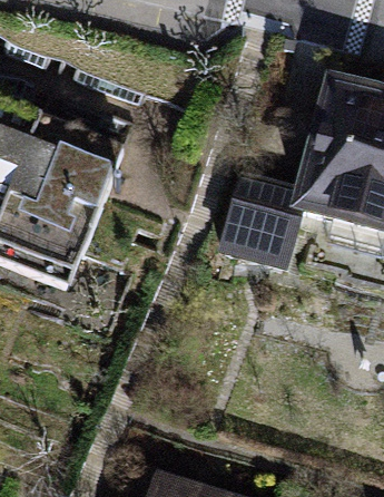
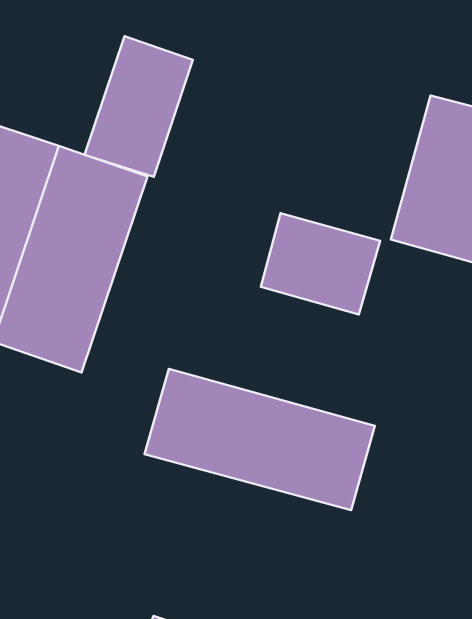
building: none -> [85,36,193,177]
building: none -> [144,369,375,510]

